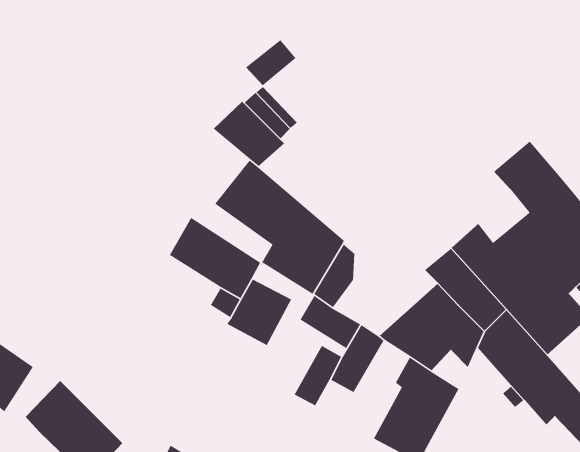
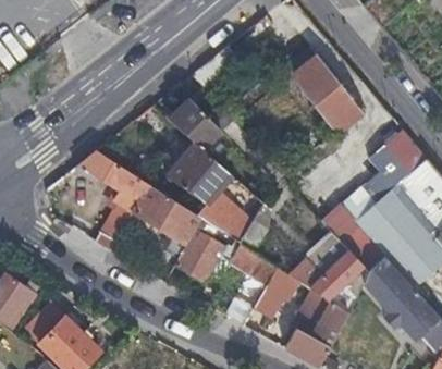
building: none -> [292,45,361,127]
building: none -> [74,151,149,251]

